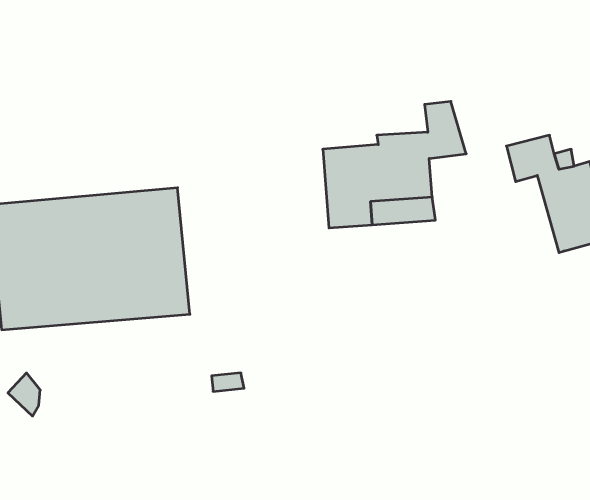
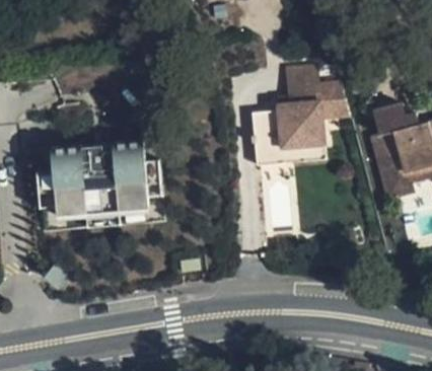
building: none -> [285,64,321,103]
building: none -> [372,130,414,197]

